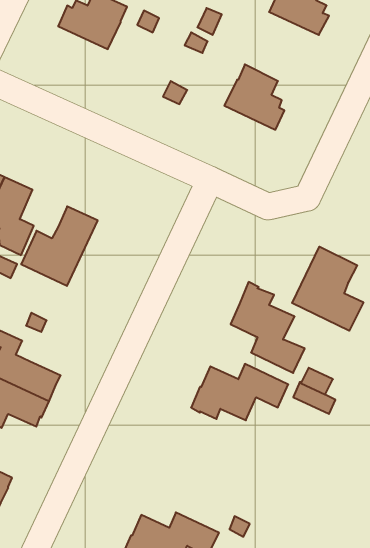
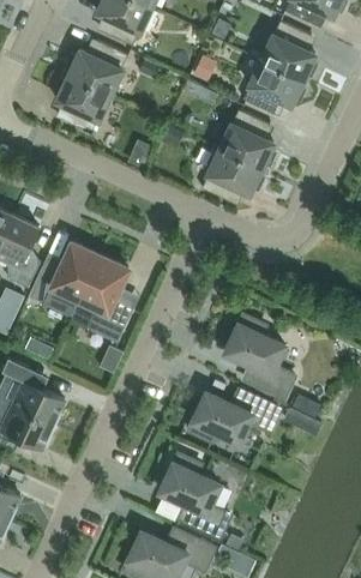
building: none -> [243,60,308,114]
building: none -> [54,73,110,133]
building: none -> [201,147,267,203]
building: none -> [70,255,134,343]
building: [292,247,363,331] -> none
building: none -> [161,453,230,537]

